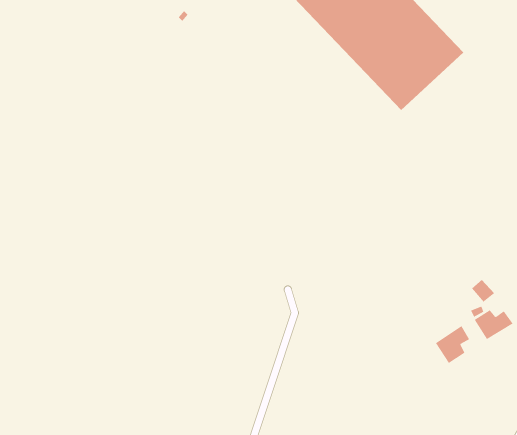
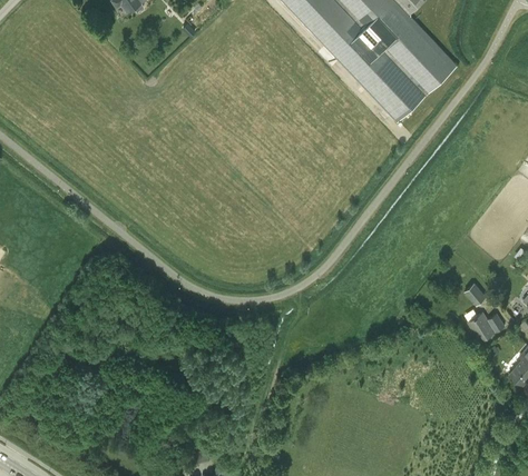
building: [435,325,470,364] -> none

